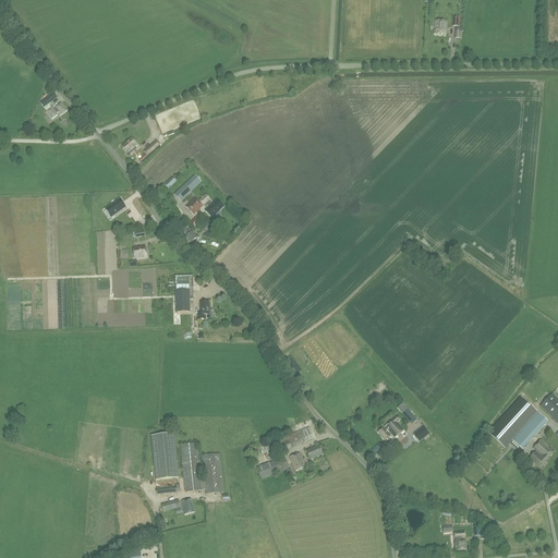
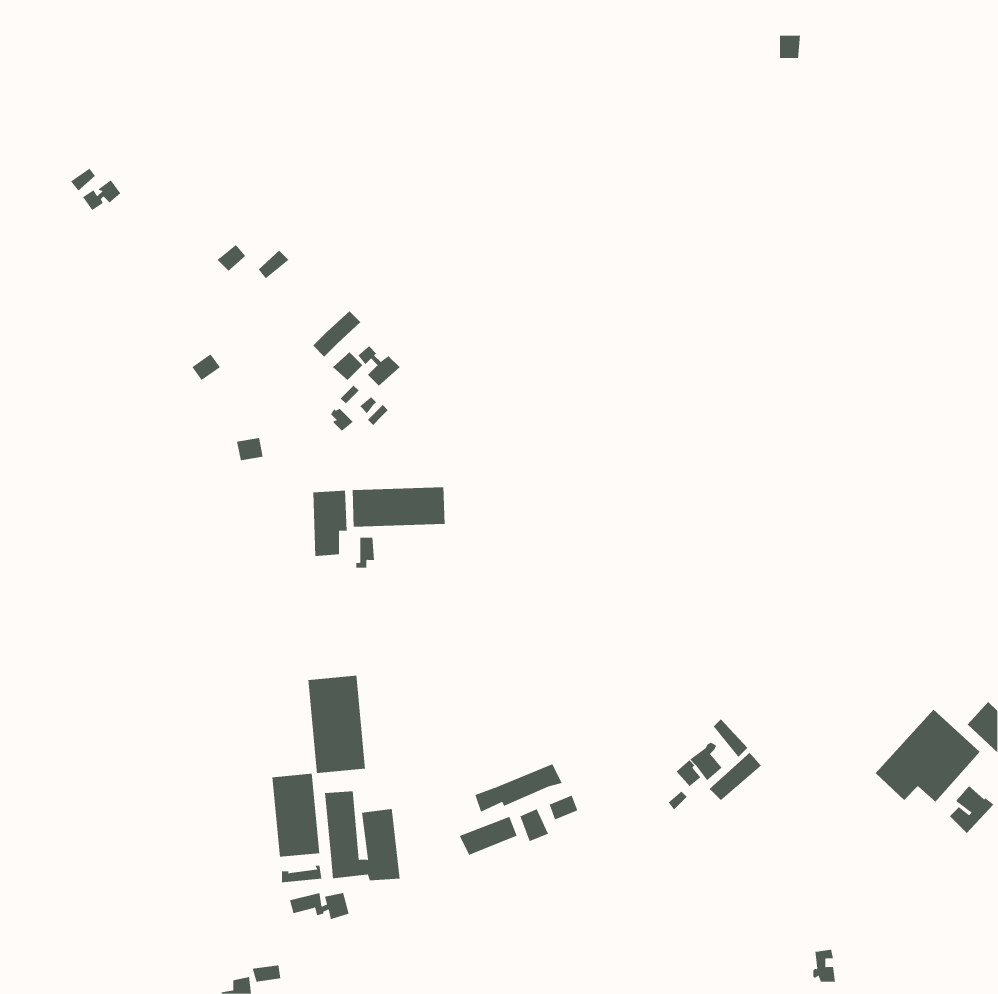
building: none -> [352,487,445,527]
building: none -> [308,675,365,774]

